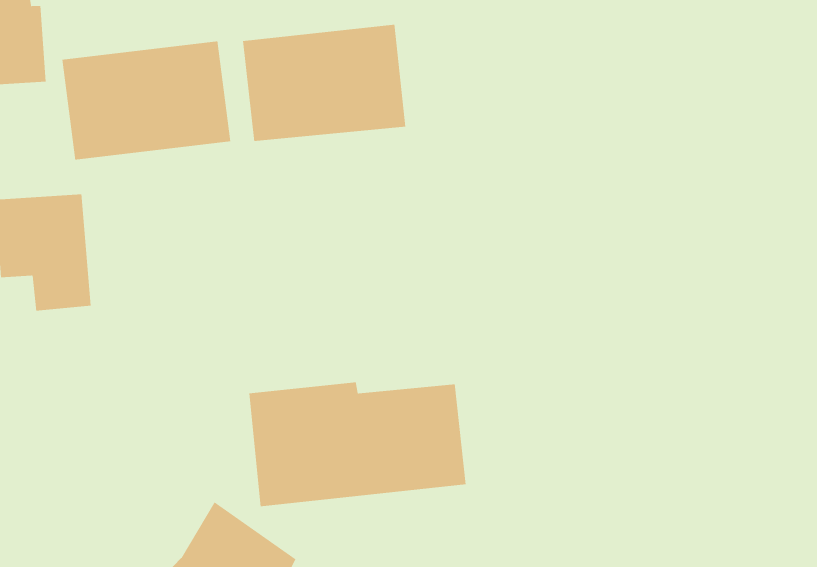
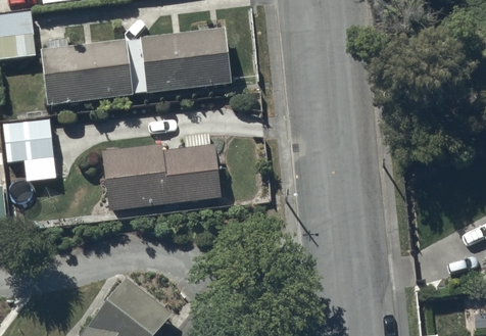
building: [249,382,467,507] -> [99,141,218,209]

